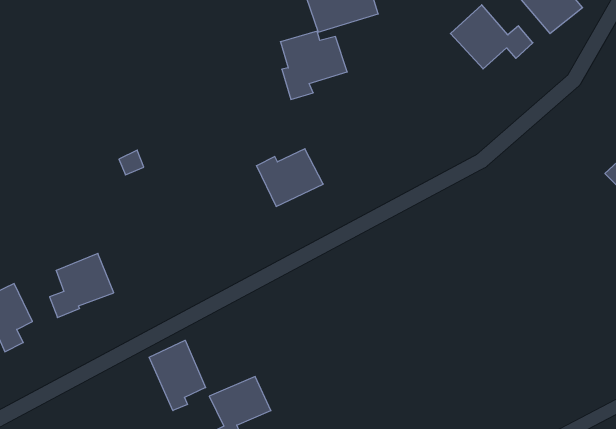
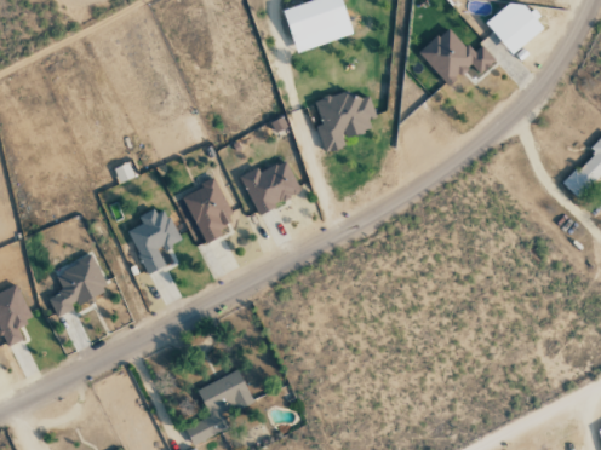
building: [280,31,347,99] -> [316,91,378,154]
building: none -> [183,180,236,241]
building: none -> [128,206,182,273]
building: [149,340,206,411] -> none

